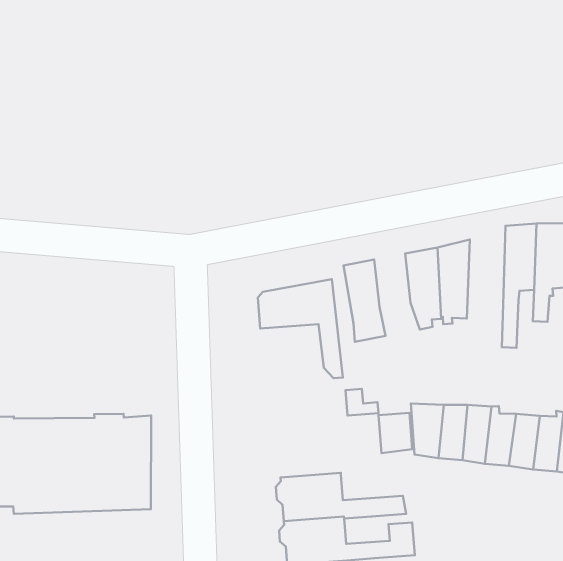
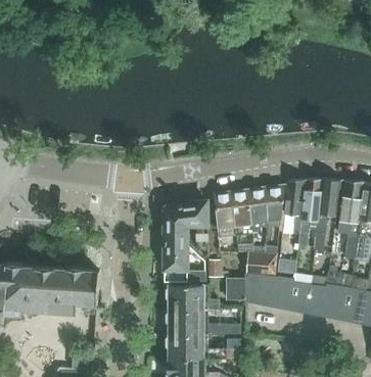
building: none -> [283,178,306,229]
building: none -> [231,189,253,251]
building: none -> [165,225,205,280]
building: none -> [247,252,277,275]
building: none -> [167,284,219,310]

